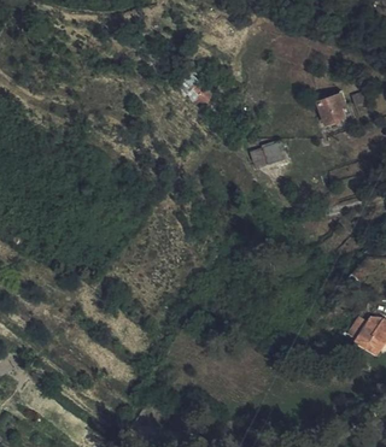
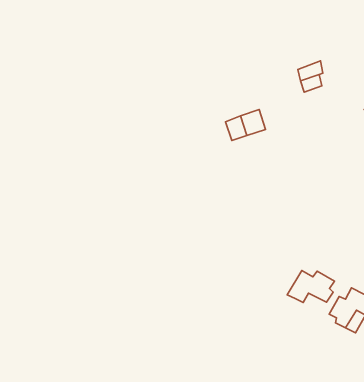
building: none -> [287,271,334,302]

